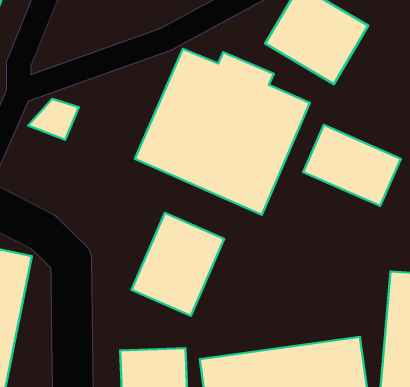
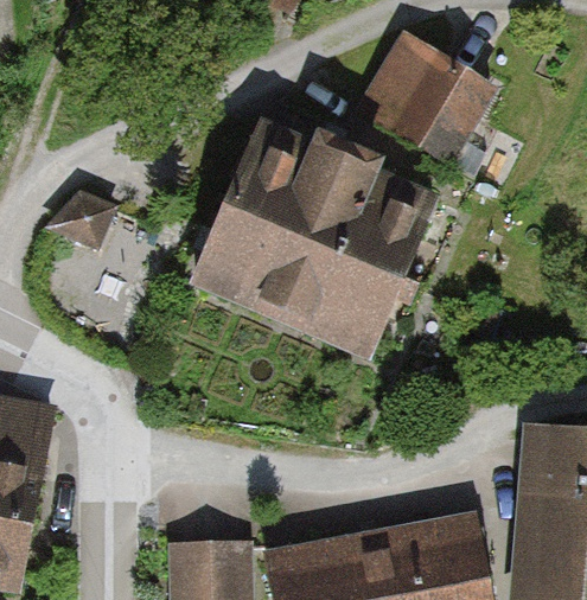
building: [303,125,401,206] -> none
building: [131,213,224,316] -> none

